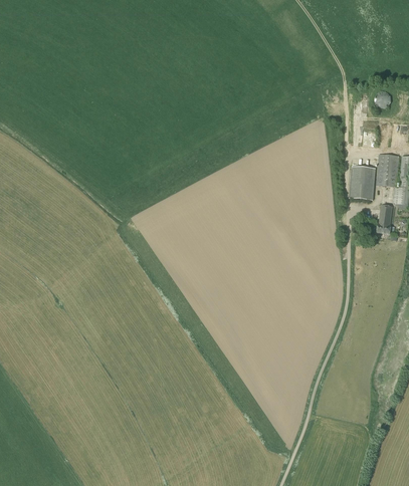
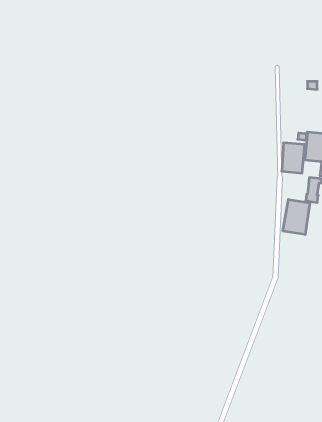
building: none -> [283,199,310,235]

